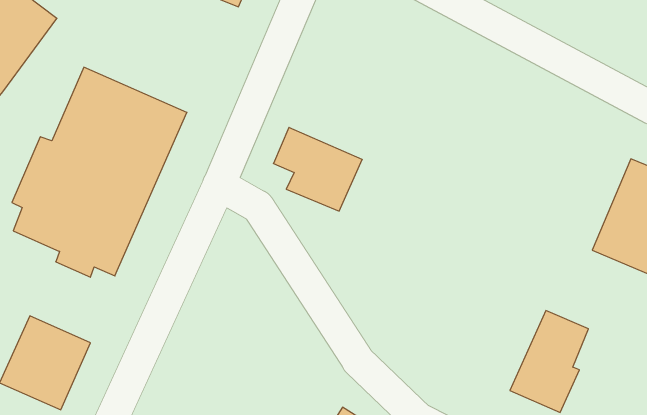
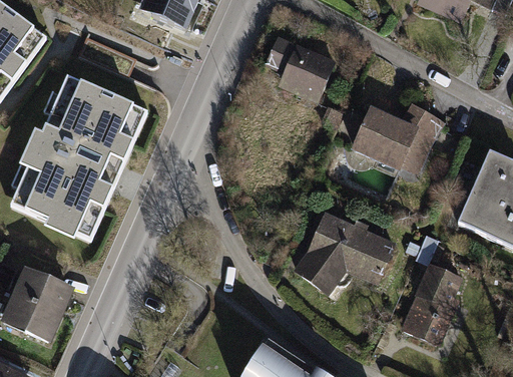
building: none -> [355,99,444,169]
building: [273,127,362,211] -> [269,33,338,98]
building: none -> [291,212,394,296]

